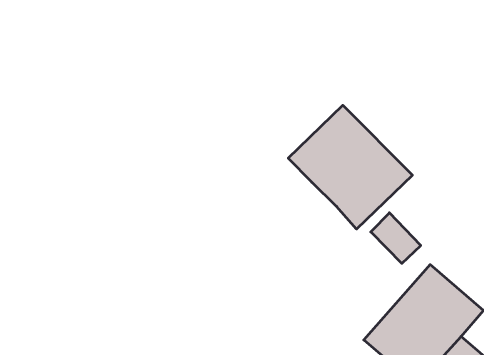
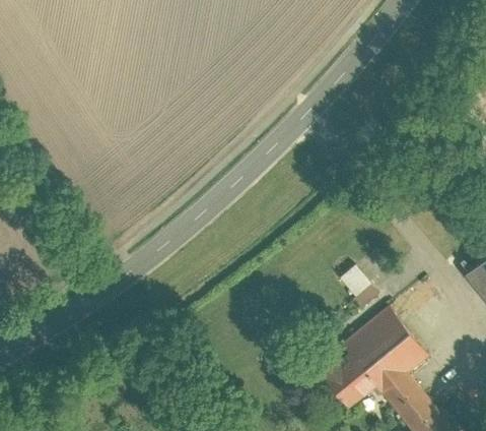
building: [288,105,412,229] -> none

